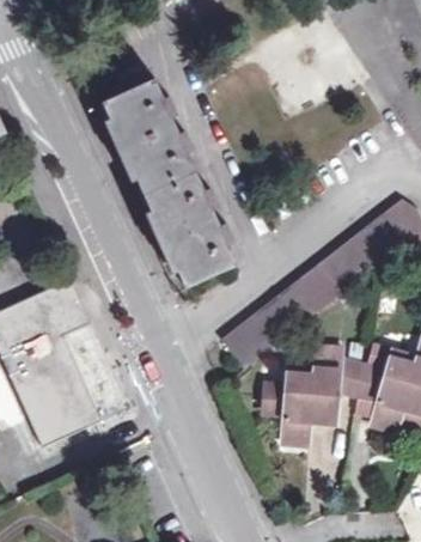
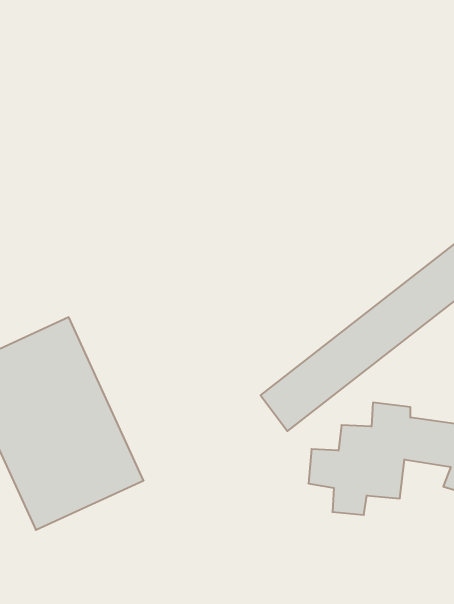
building: [102,79,237,287] -> none

